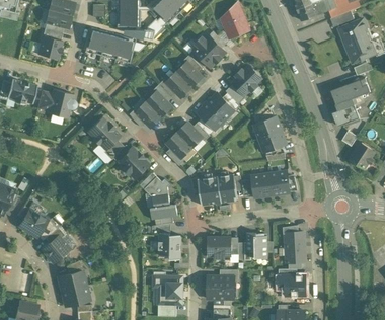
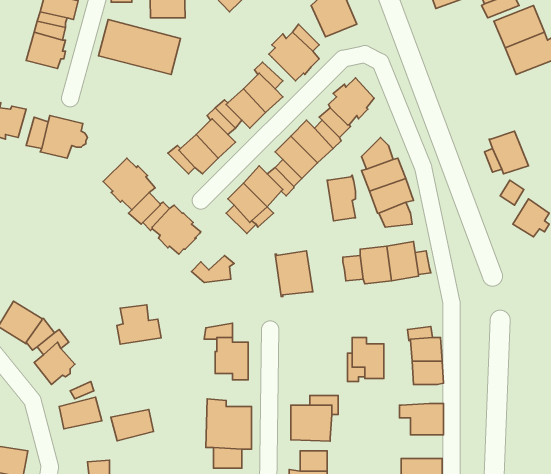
building: [331,79,371,104] -> none
building: [218,173,236,203] -> [327,175,355,221]
building: [150,194,178,220] -> [117,305,161,344]
building: [209,237,231,257] -> none
building: [62,286,89,306] -> [111,409,153,441]

